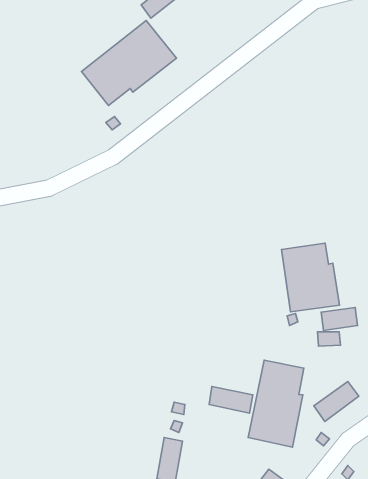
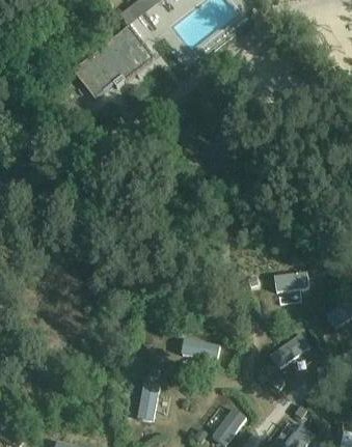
building: [281,243,339,312] -> none
building: [248,360,304,447] -> none

